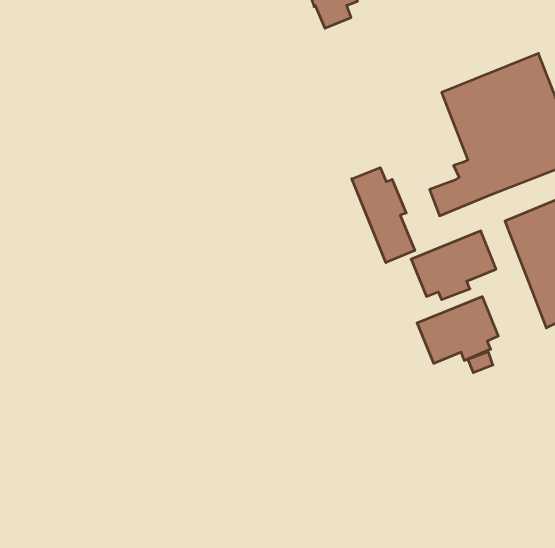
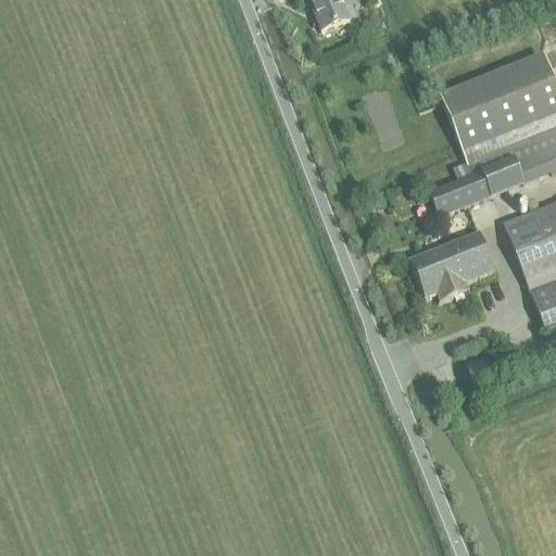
building: [352,168,415,263] -> none
building: [417,297,498,363] -> none

